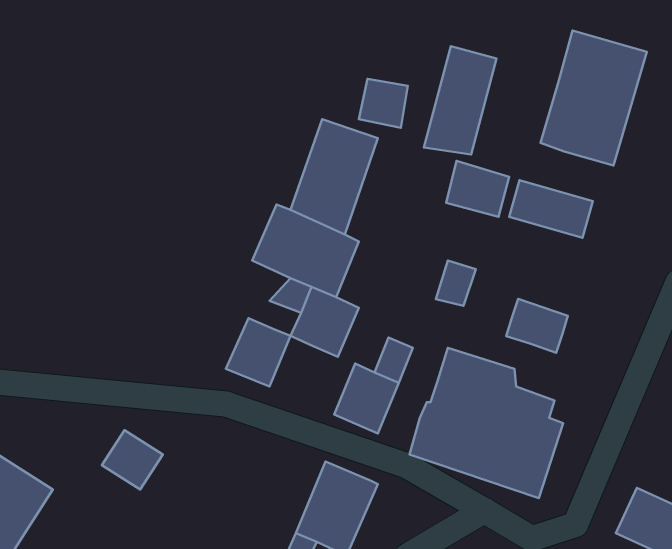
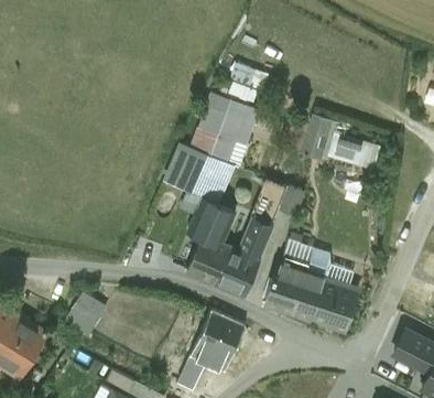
building: [541,31,647,166] -> none
building: [424,46,497,154] -> none
building: [506,299,568,353] -> none
building: [226,318,291,386] -> [188,238,229,281]

